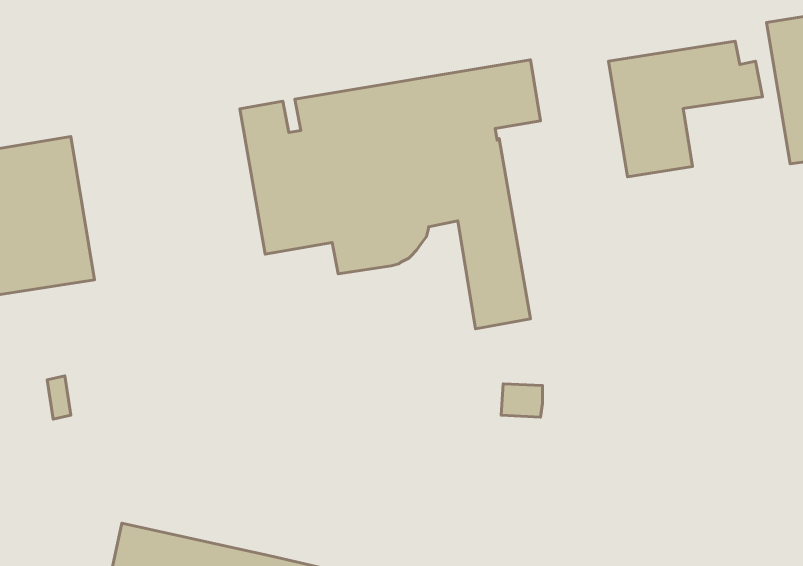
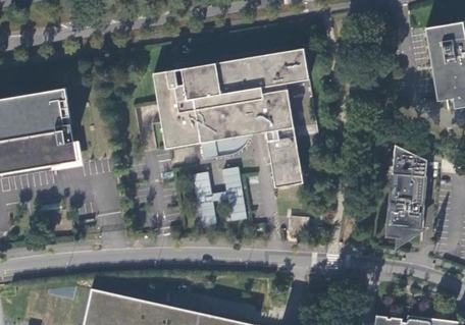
building: [609,41,762,177] -> none
building: none -> [388,145,430,248]
building: none -> [194,167,248,226]

